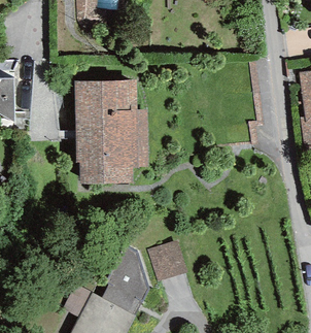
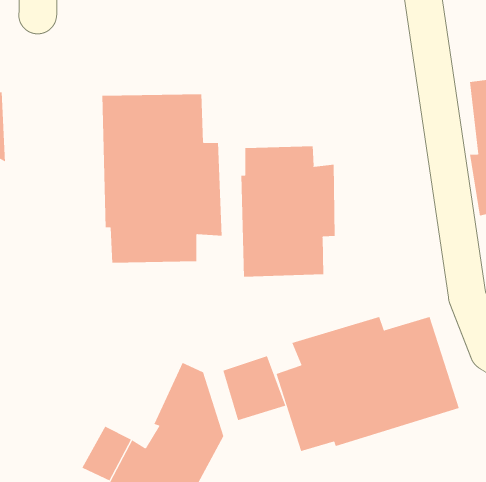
building: none -> [241,146,335,278]
building: none -> [276,316,459,452]

